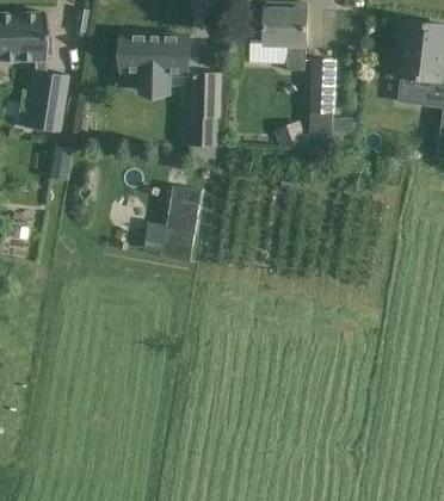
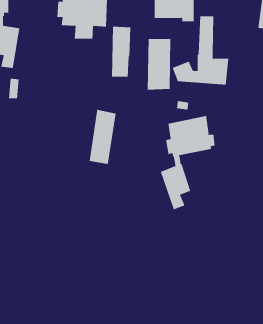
building: none -> [147,38,171,91]
building: none -> [160,115,215,210]

